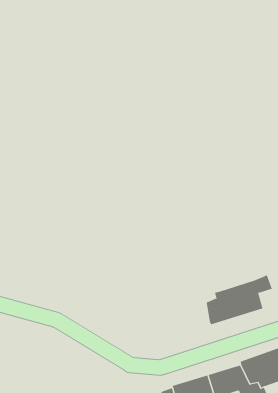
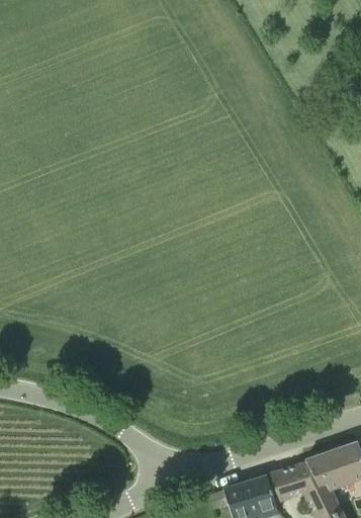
building: [206,275,273,325] -> none

